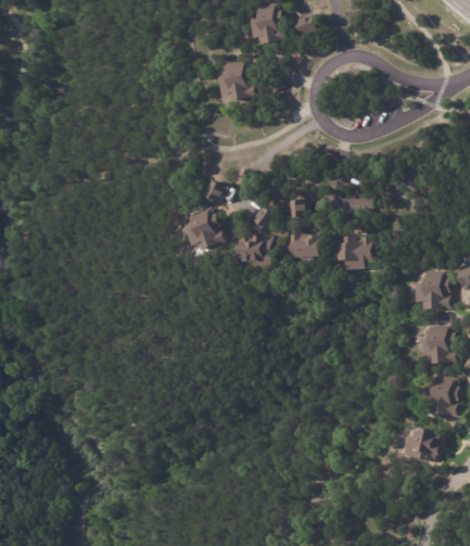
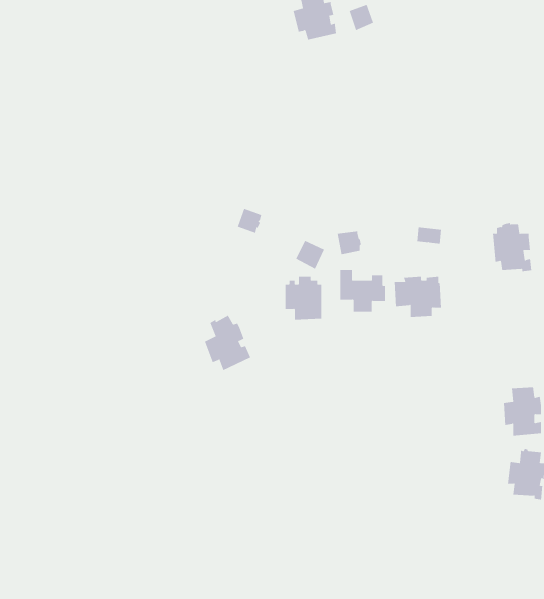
building: [220,60,256,101] -> none
building: [189,206,227,252] -> [204,315,251,371]
building: [416,269,448,309] -> [492,223,532,272]
building: [401,426,437,460] -> none

